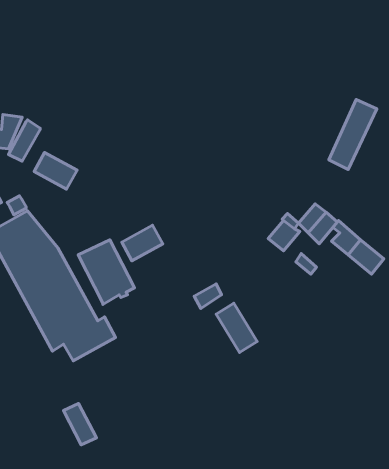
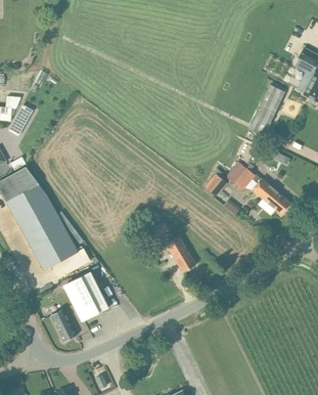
building: [34,153,77,189] -> none
building: [122,225,163,261] -> none
building: [78,240,134,304] -> [65,272,107,320]

